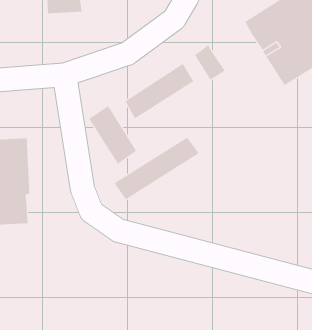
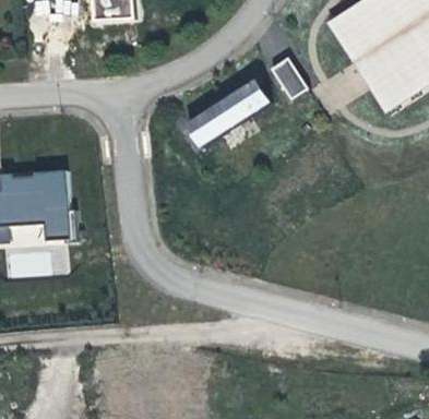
building: [88,105,137,165] -> none
building: [114,137,200,200] -> none

